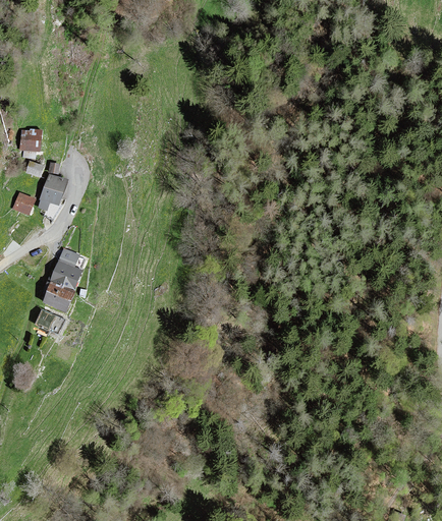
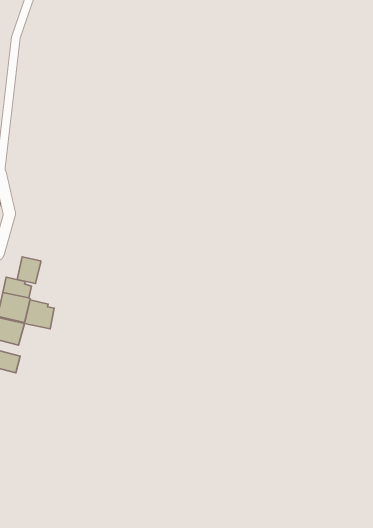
building: none -> [17,257,41,283]
building: none -> [25,300,54,329]

